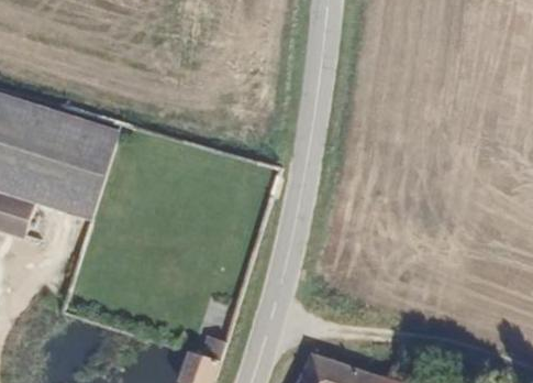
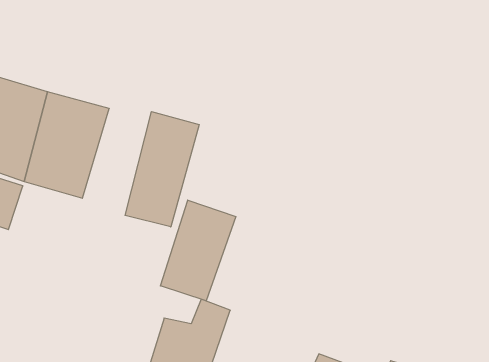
building: none -> [125,112,199,227]
building: none -> [160,200,236,301]

